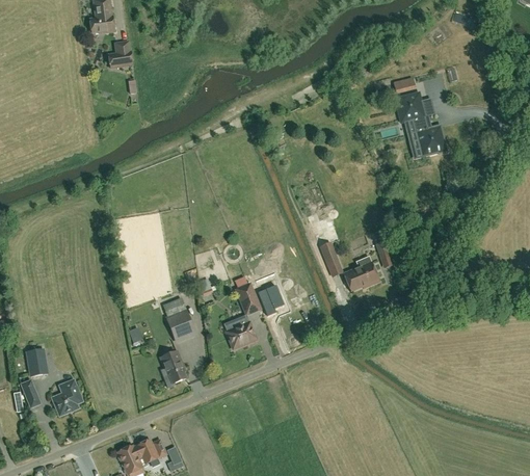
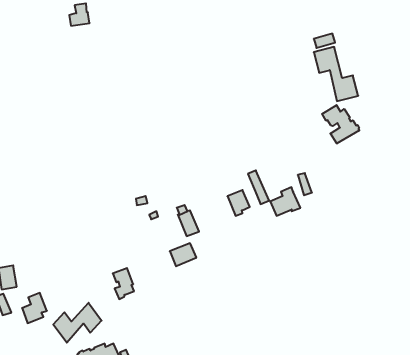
building: none -> [322,105,359,144]
building: [258,285,284,315] -> [227,190,250,216]
building: [160,296,194,340] -> none
building: none -> [53,303,102,343]

